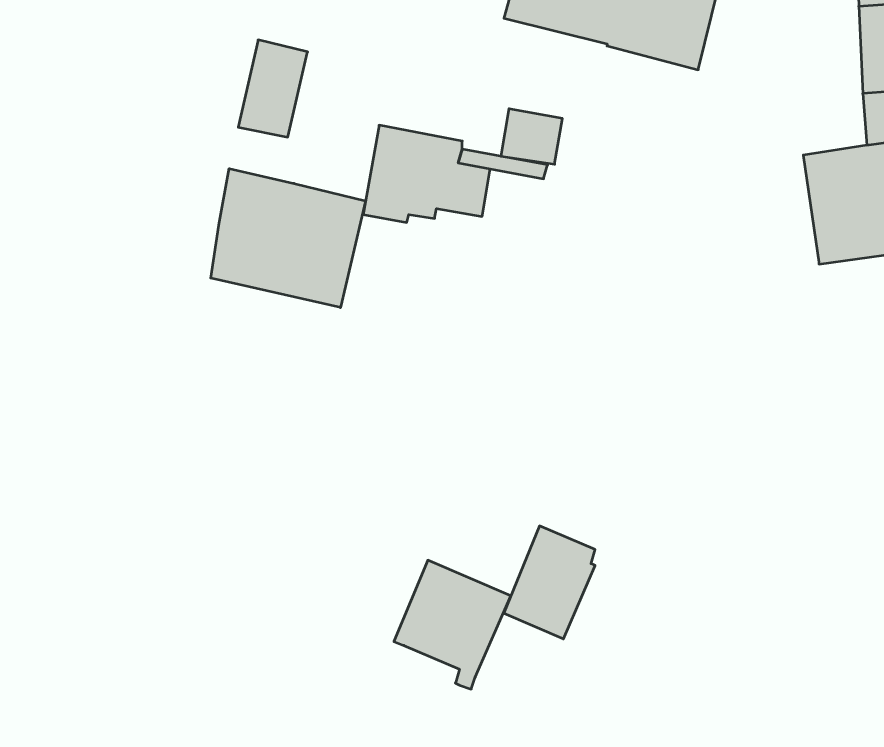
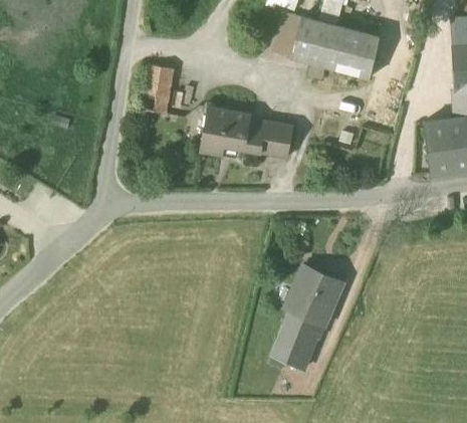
building: [501,109,562,164] -> [261,129,292,157]
building: [211,169,366,308] -> none
building: [394,560,511,689] -> [285,266,344,332]

